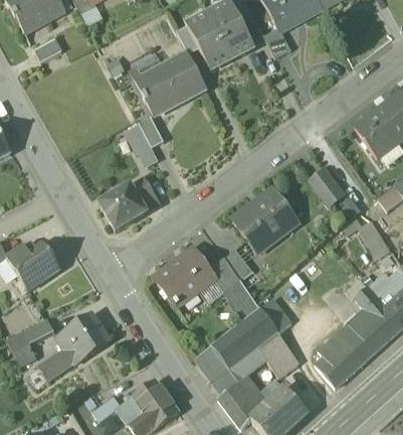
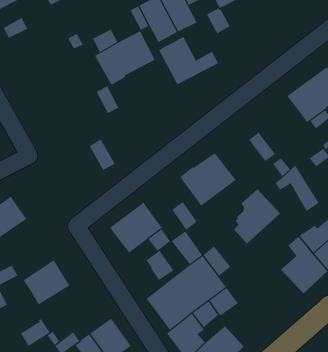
building: none -> [158,36,219,85]
building: [123,123,158,165] -> none
building: [99,184,147,231] -> none
building: [208,257,240,292] -> [146,250,174,281]
building: [320,324,373,388] -> [234,189,281,244]
building: [39,347,73,380] -> [20,318,50,347]

